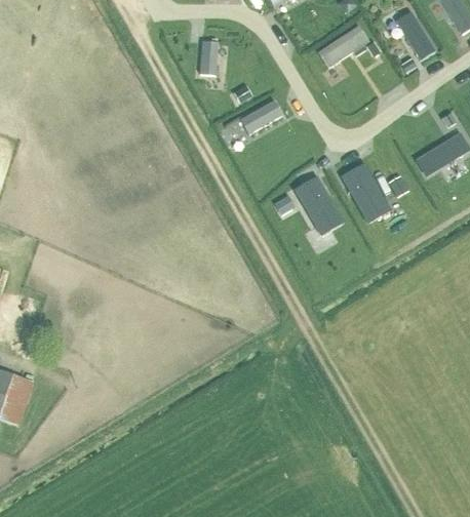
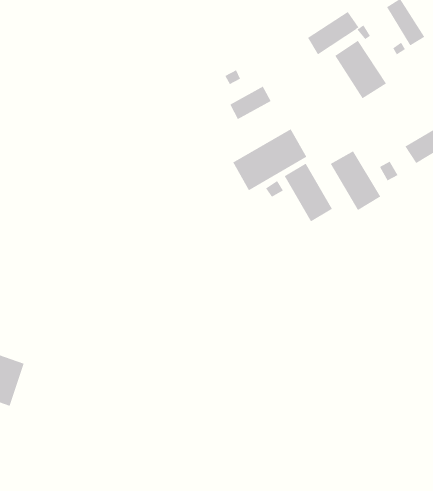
building: [199,40,220,74] -> none
building: none -> [334,40,387,99]
building: none -> [232,128,307,191]

